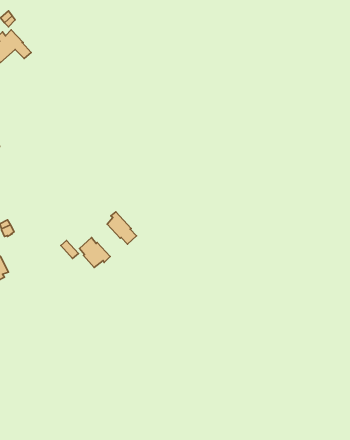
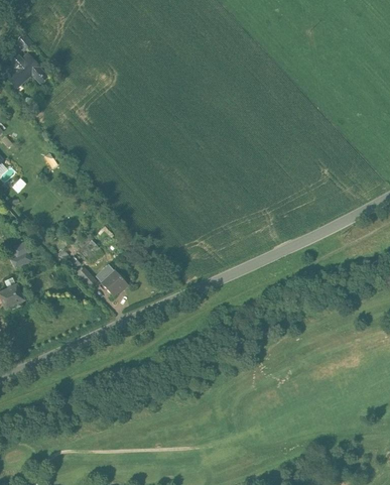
building: [107,212,137,244] -> none

